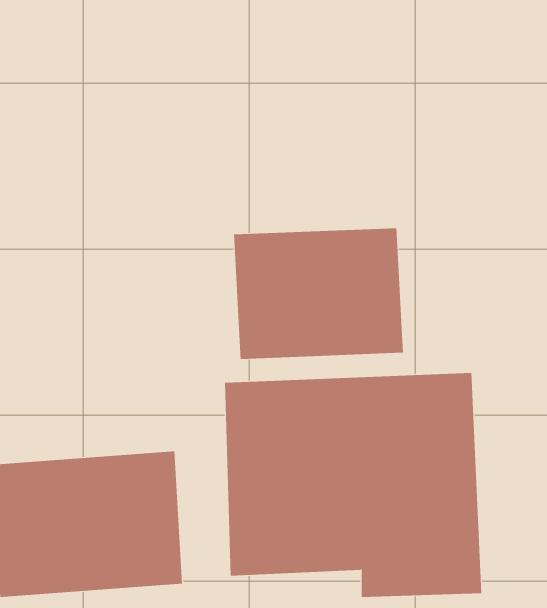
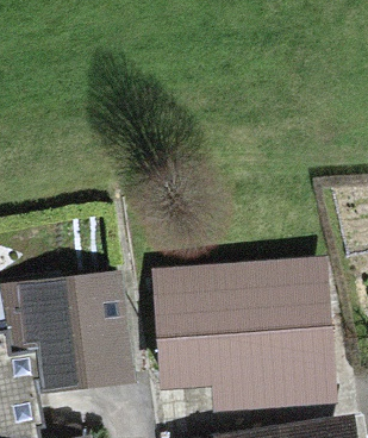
building: [233,227,404,360] -> none

